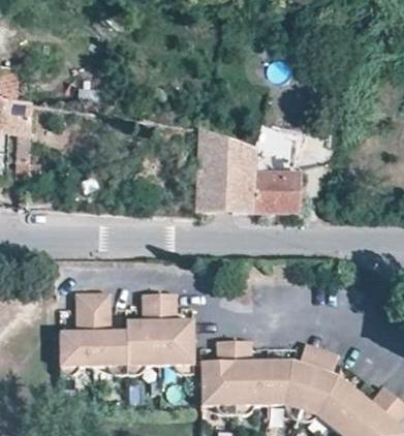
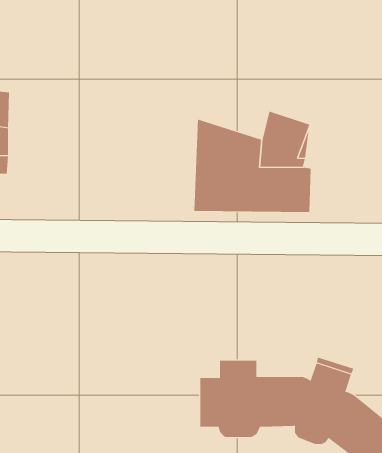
building: [60,295,194,375] -> none

